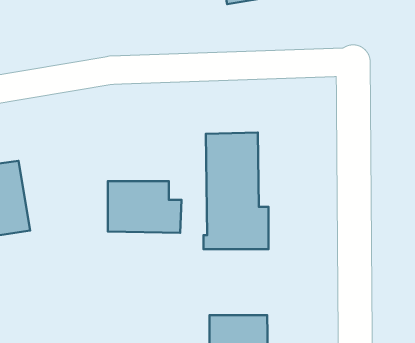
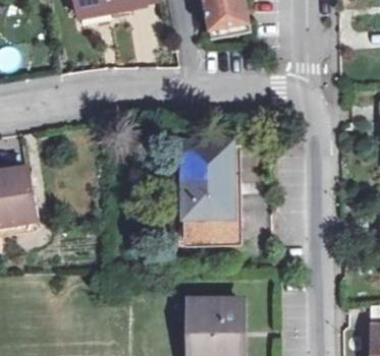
building: [108,181,181,233] -> none

